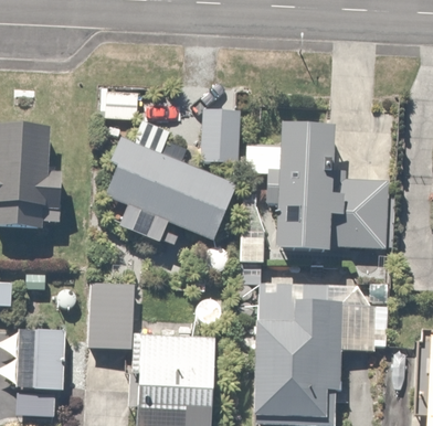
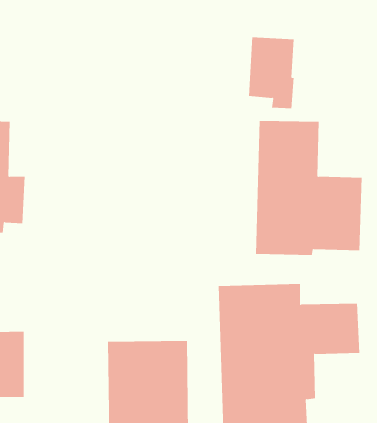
building: [198,105,242,173] -> [248,37,295,109]
building: [101,137,239,243] -> none
building: [87,281,131,347] -> none

